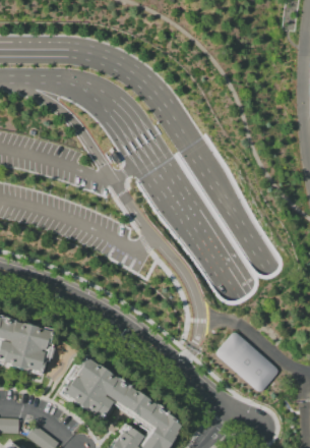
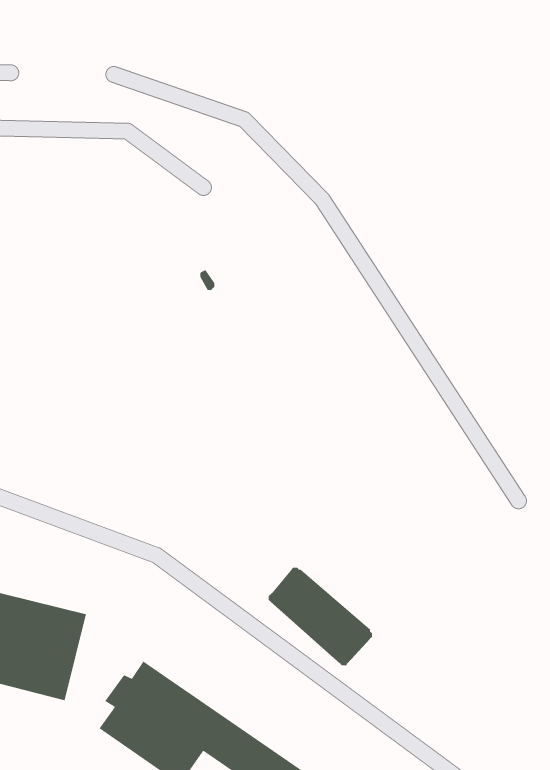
building: [222,334,276,386] -> [268,567,373,666]

